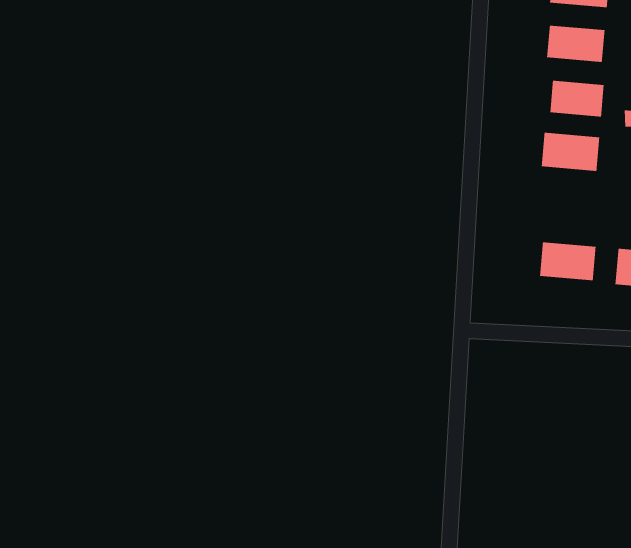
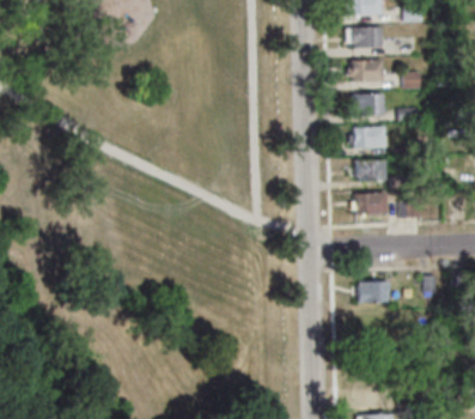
building: none -> [355,158,388,181]
building: none -> [358,281,389,303]

